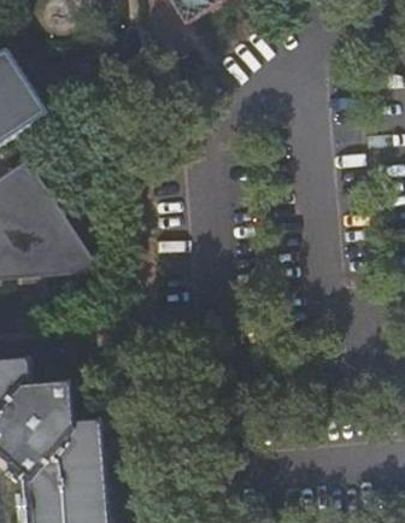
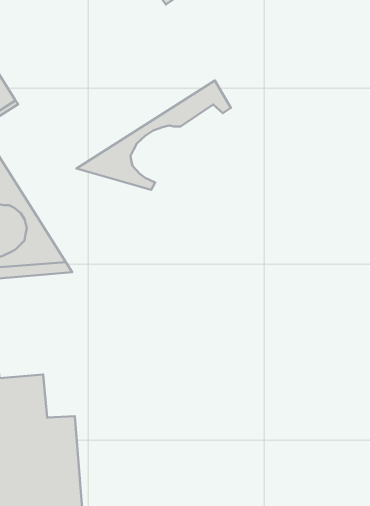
building: none -> [77,81,231,190]

